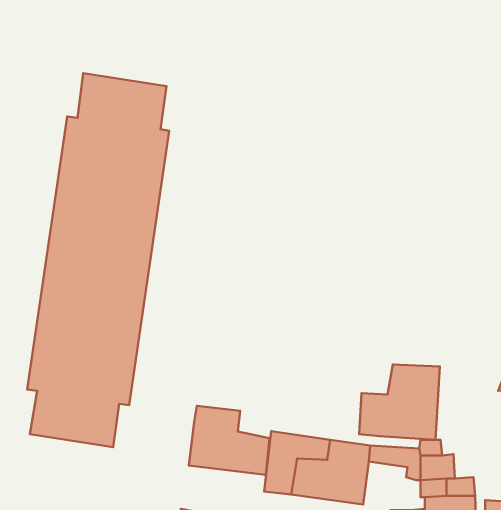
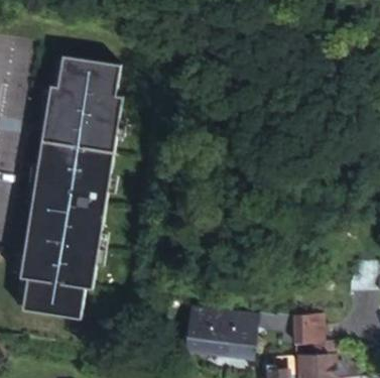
building: [359,364,440,440] -> none
building: [189,406,270,475] -> none

